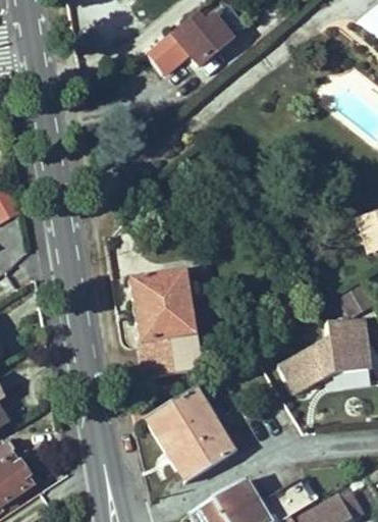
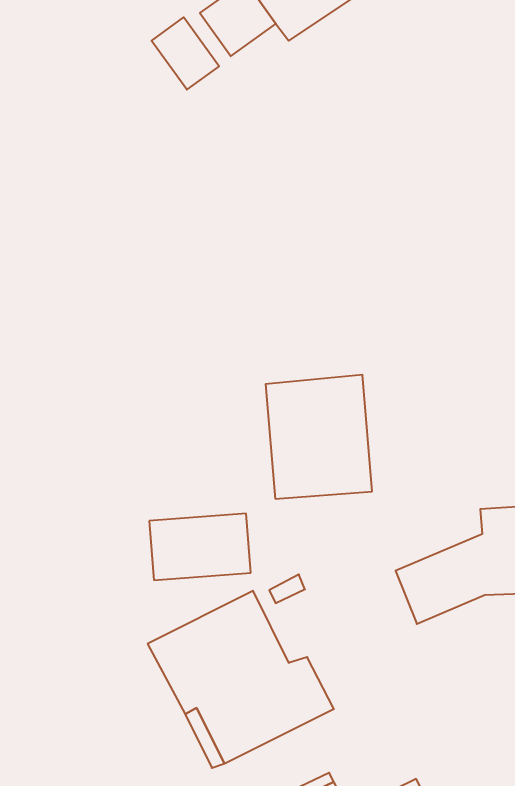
building: none -> [152,17,219,90]
building: [127,270,193,345] -> [266,375,372,499]

